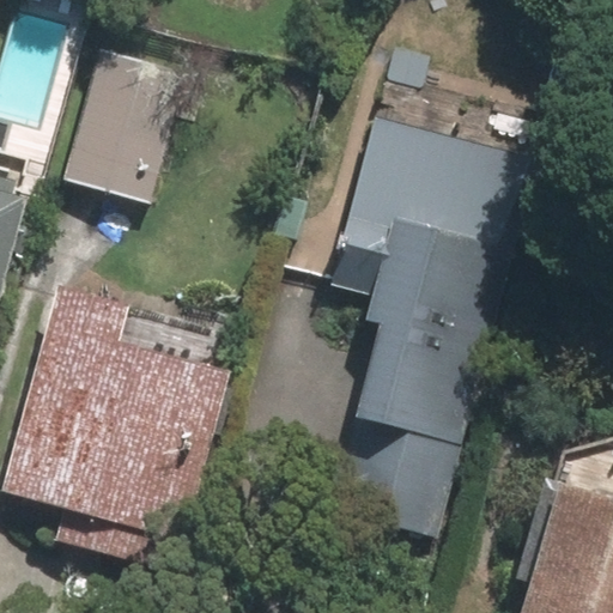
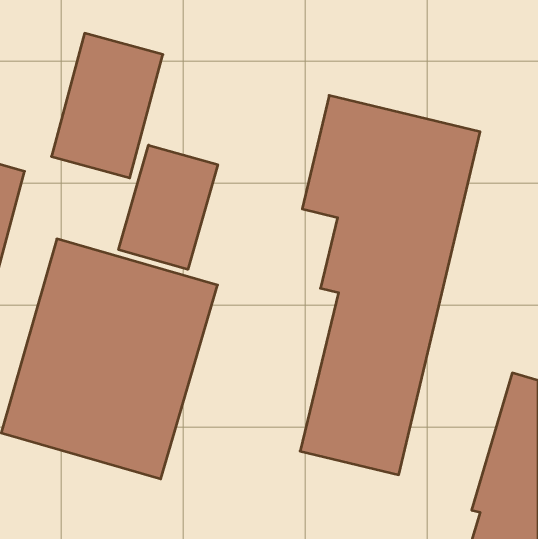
building: none -> [119,145,218,269]

